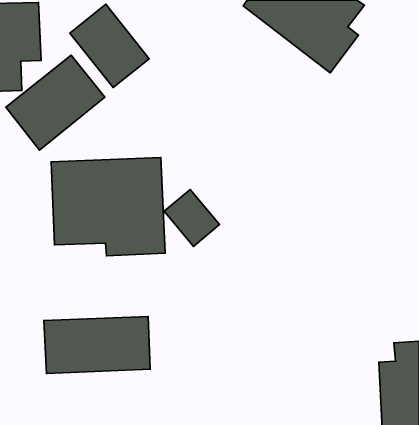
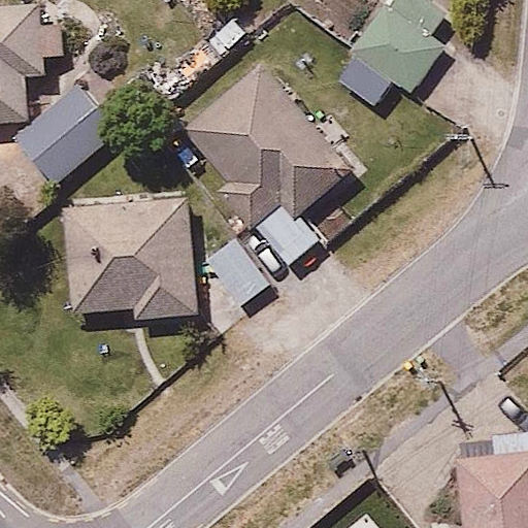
building: [70,4,149,87] -> none
building: none -> [172,66,346,269]
building: [44,317,150,374] -> none

